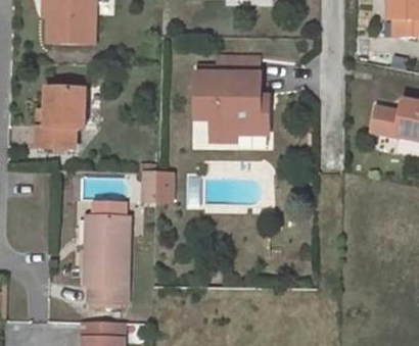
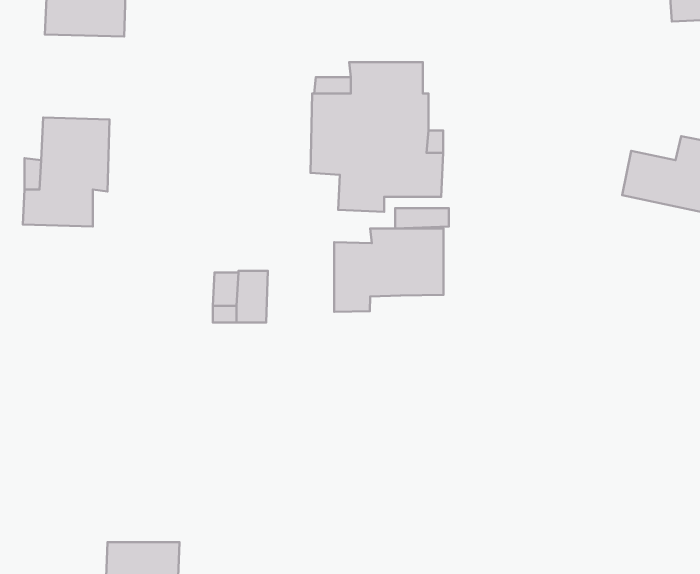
building: none -> [334,228,444,312]
building: [86,216,128,301] -> none

